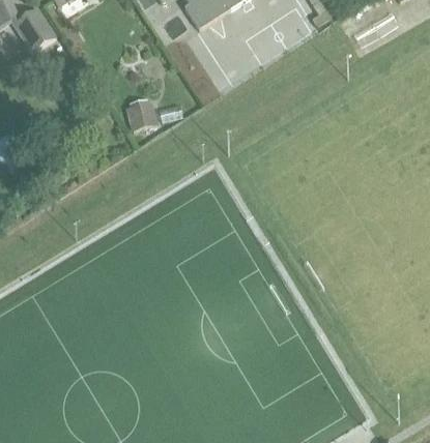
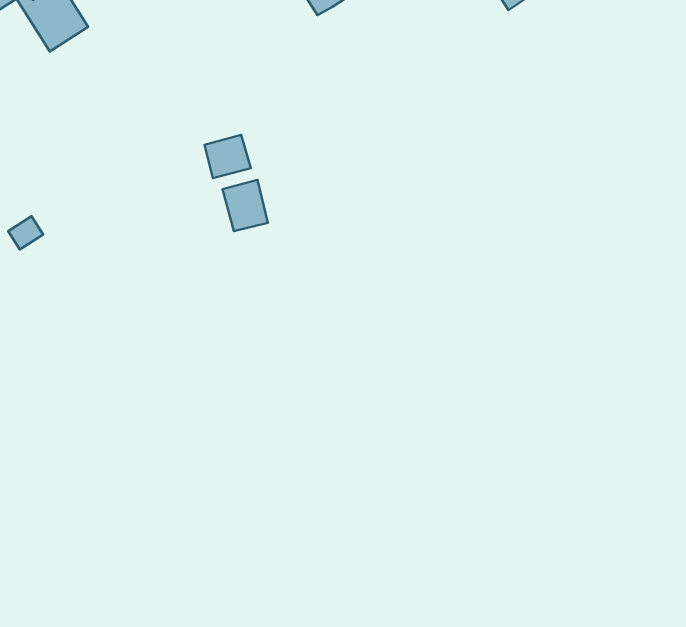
building: none -> [223,180,268,231]

